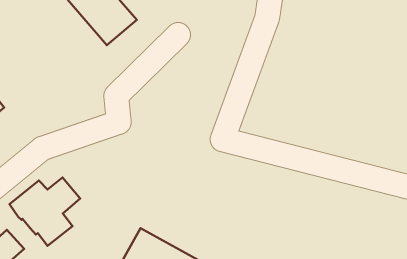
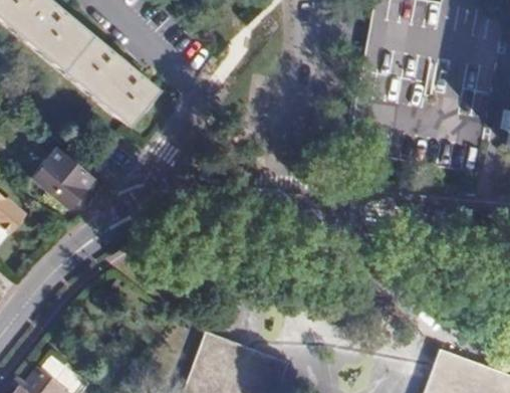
building: none -> [36,151,93,208]
building: [9,178,80,246] -> none

